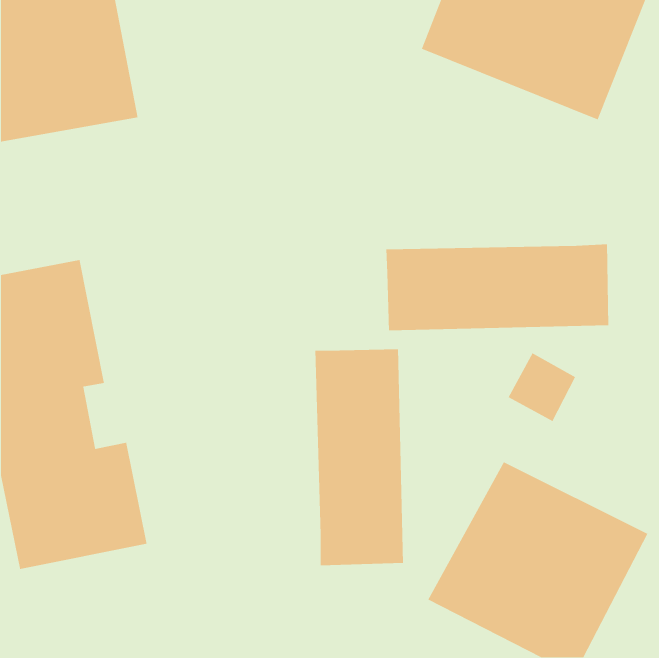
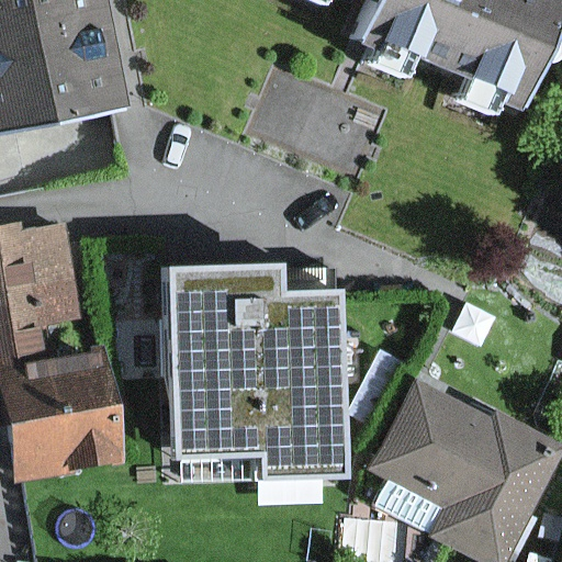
building: [385,244,609,331] -> none
building: none -> [172,263,290,457]

